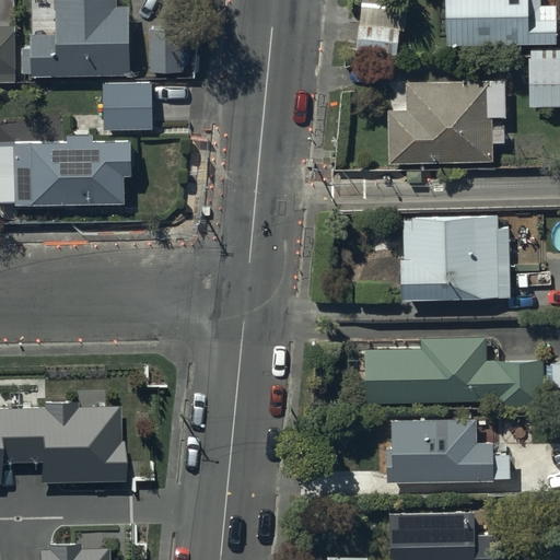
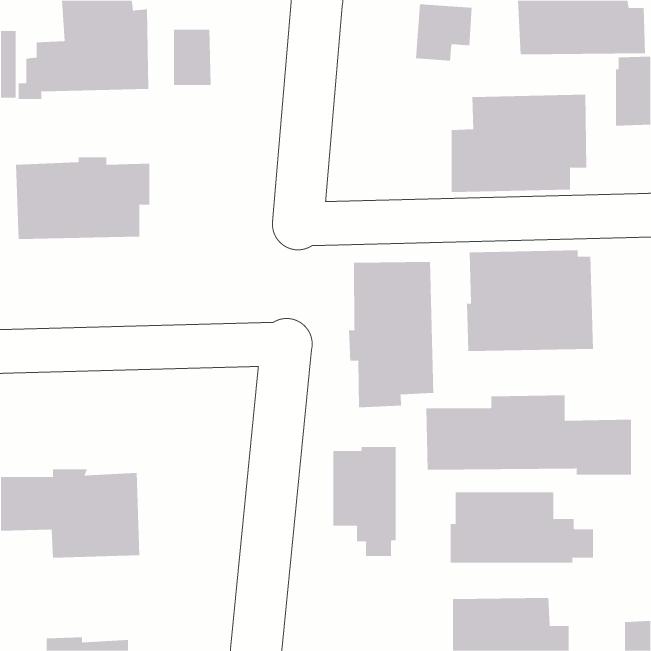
building: [104,83,152,130] -> none
building: none -> [349,261,434,408]
building: none -> [333,446,396,557]

